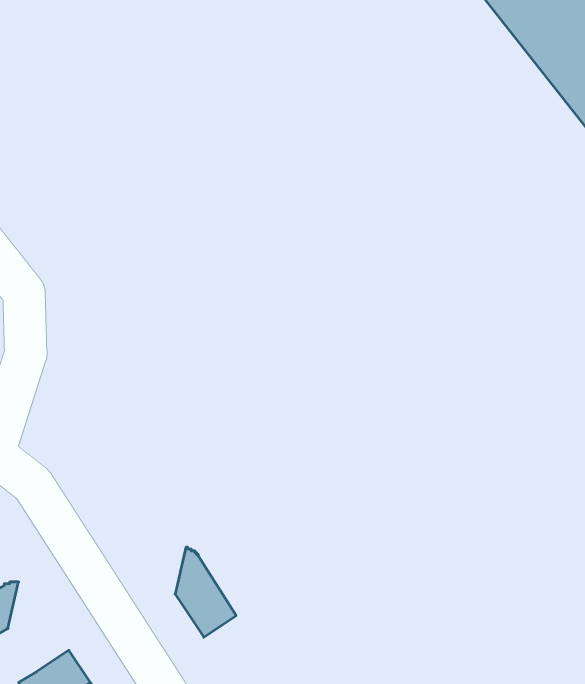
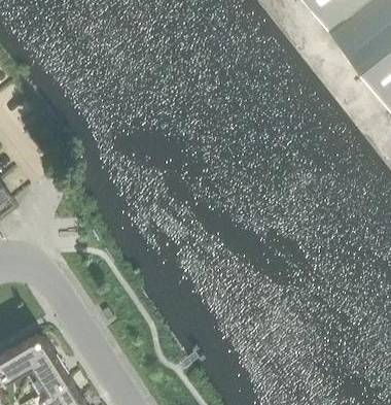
building: [175,547,236,637] -> [33,336,68,387]

